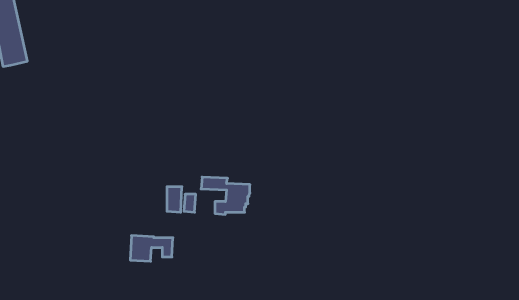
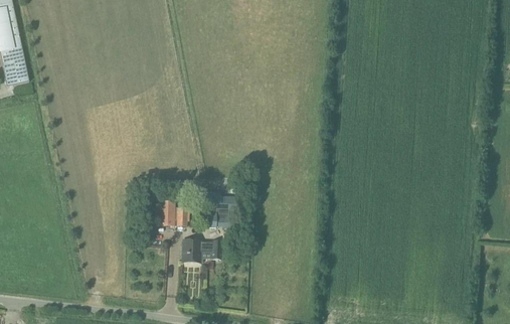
building: [130,236,173,261] -> [180,238,220,263]

